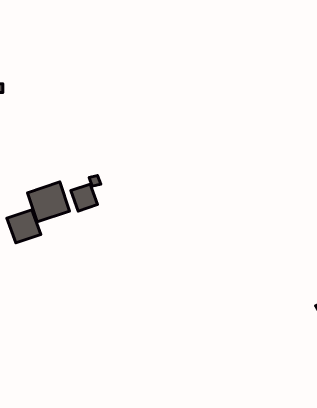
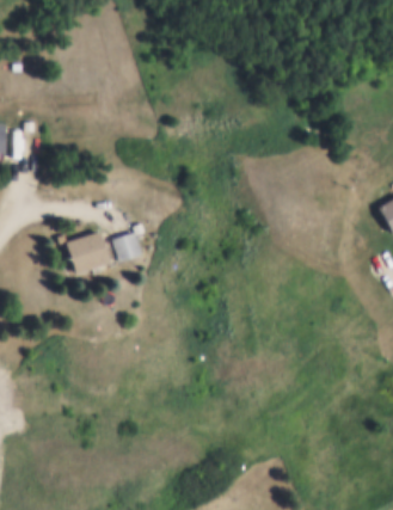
building: [7,210,41,243] -> none

